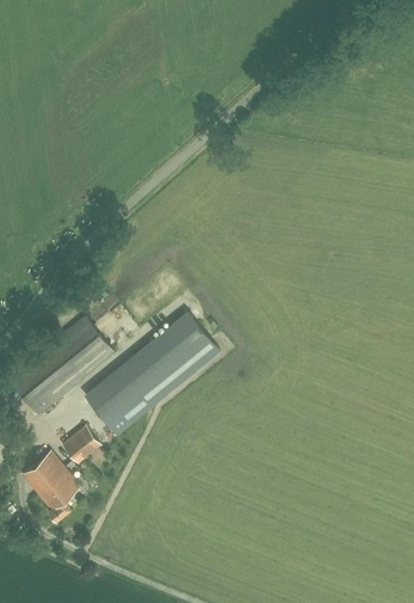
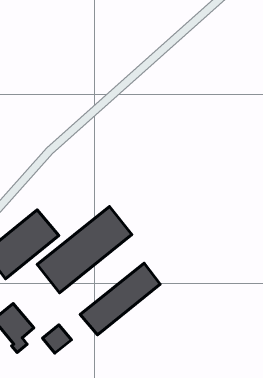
building: none -> [80,263,160,335]
building: [60,423,101,463] -> [42,325,71,353]

